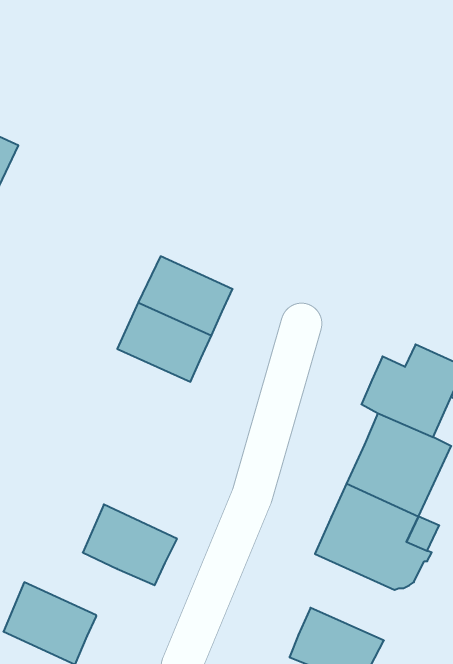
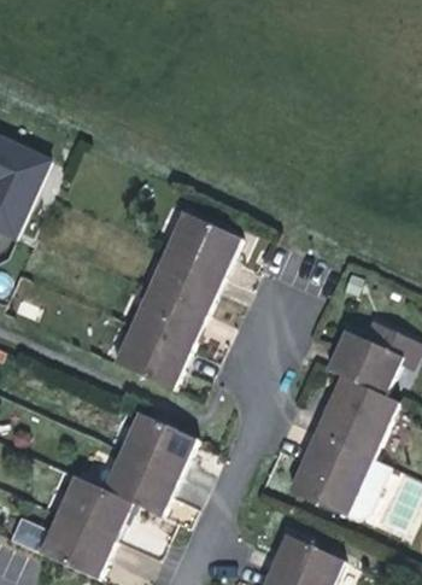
building: none -> [165,211,240,276]
building: none -> [113,324,189,388]
building: none -> [119,413,195,478]
building: none -> [55,475,130,539]

